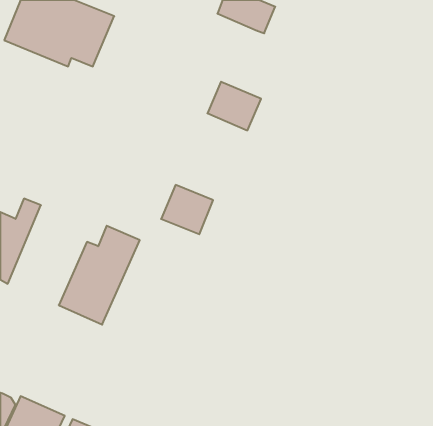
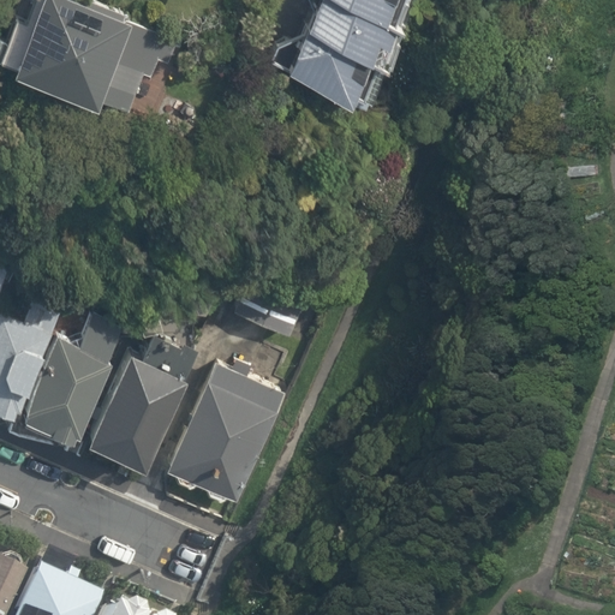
building: [207,82,261,130] -> [291,32,366,101]
building: none -> [20,320,119,440]
building: none -> [161,368,283,513]

